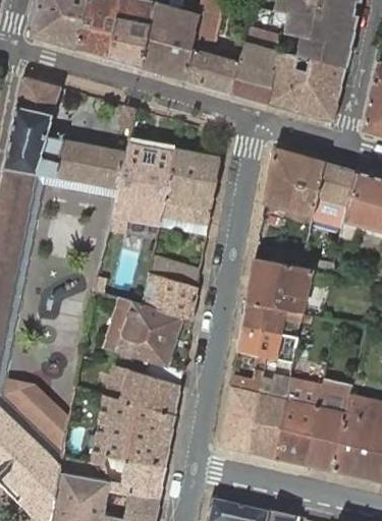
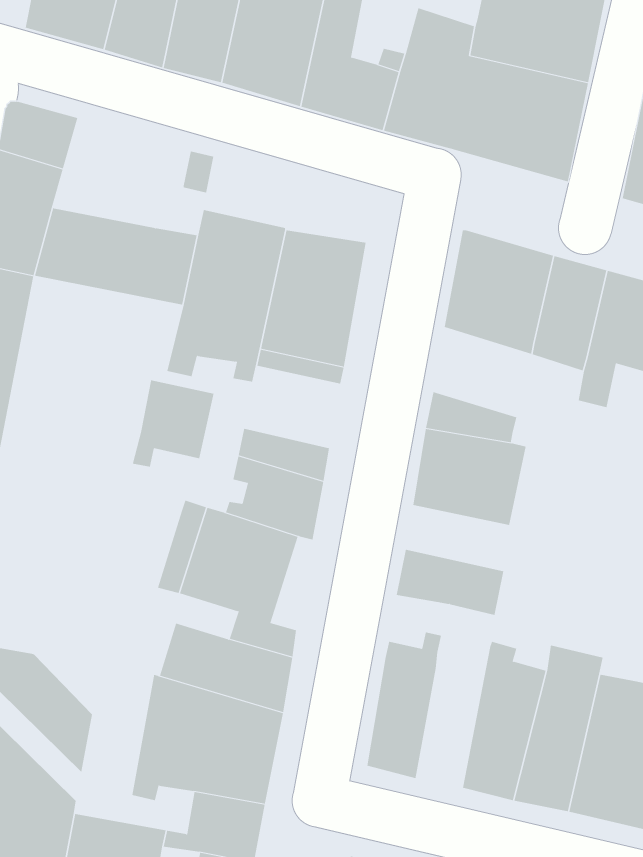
building: none -> [132,379,214,468]
building: [242,301,302,338] -> none
building: [249,378,289,458] -> none

